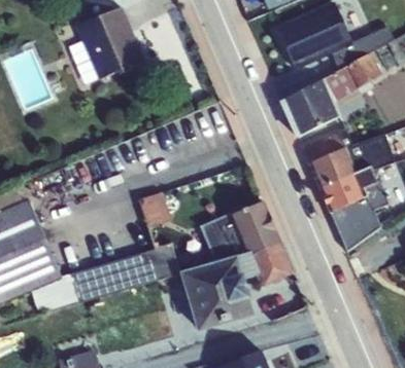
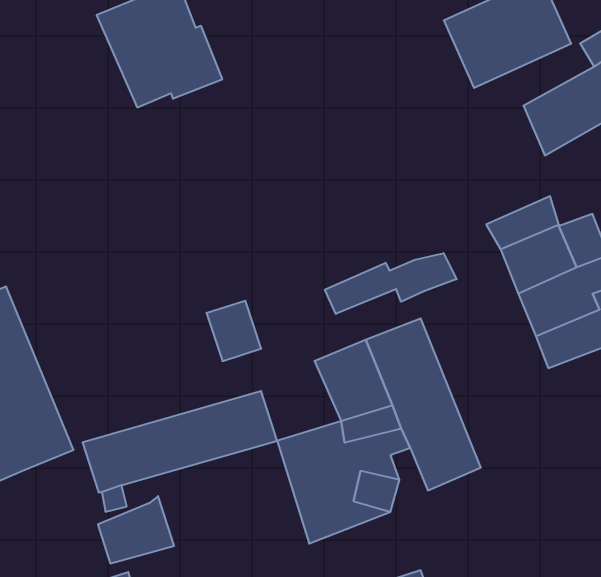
building: [281,79,339,137] -> none
building: none -> [325,253,457,314]
building: [31,274,75,314] -> [98,496,174,563]

